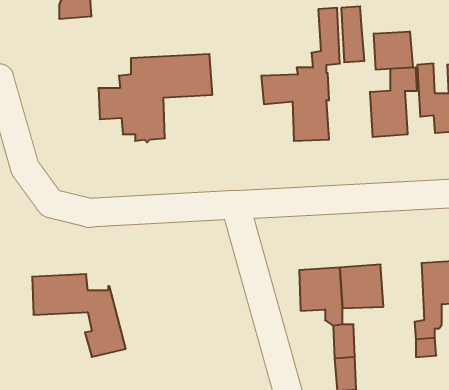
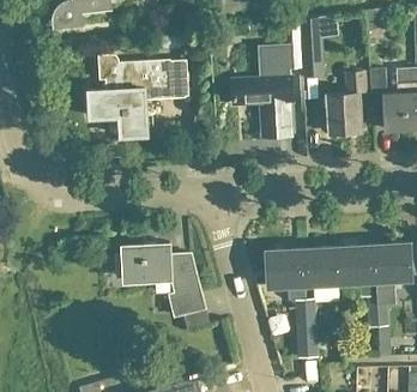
building: [374,31,413,70] -> none
building: none -> [338,245,376,296]
building: [32,274,126,357] -> [122,243,205,316]

